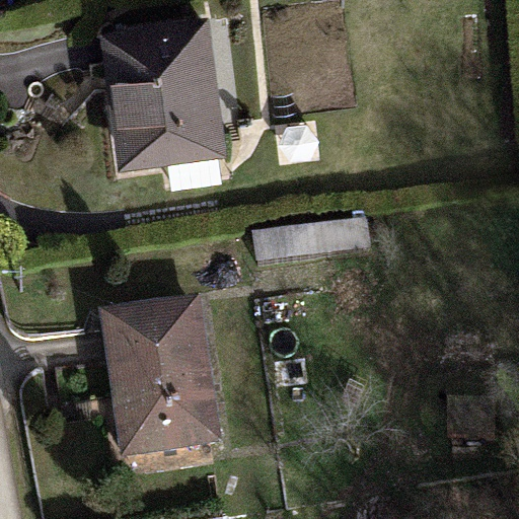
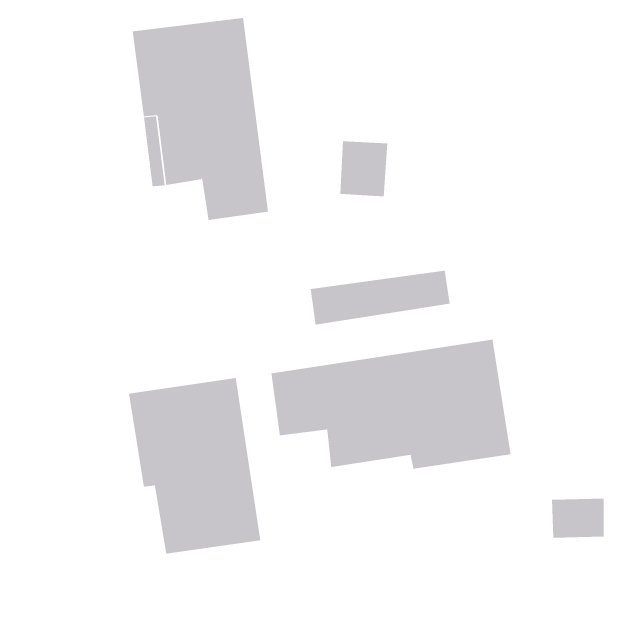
building: none -> [271,339,511,470]

